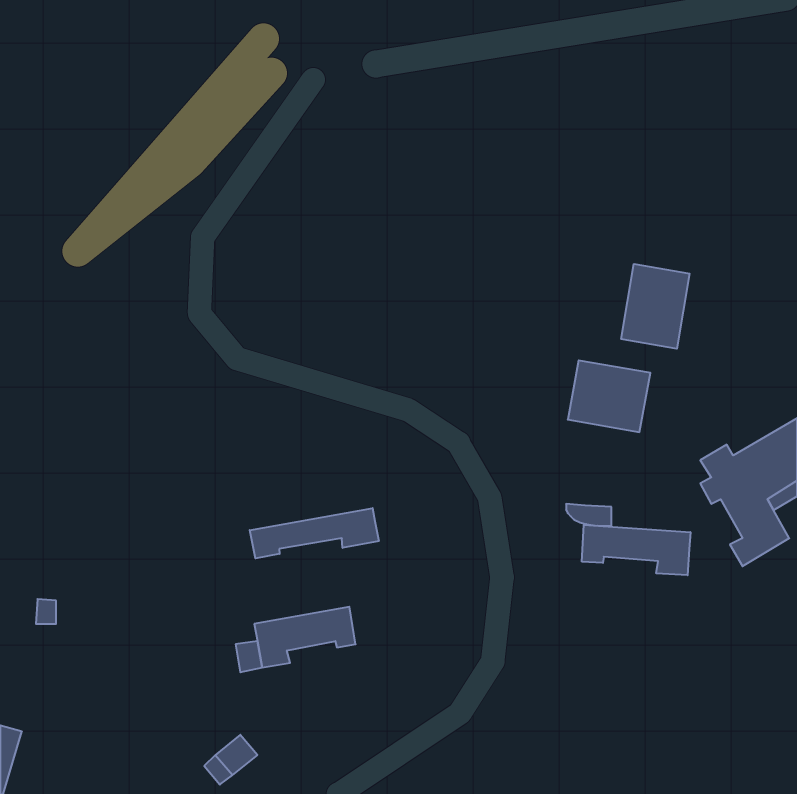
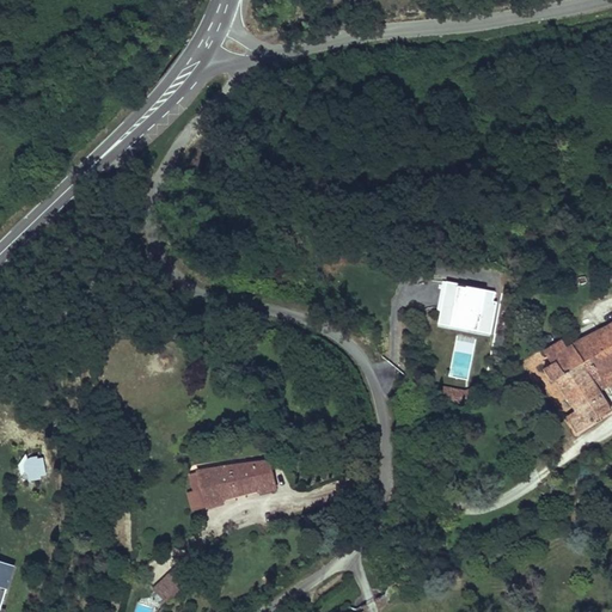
building: [621,264,690,349] -> none
building: [250,508,379,558] -> none
building: [582,525,690,575] -> none

